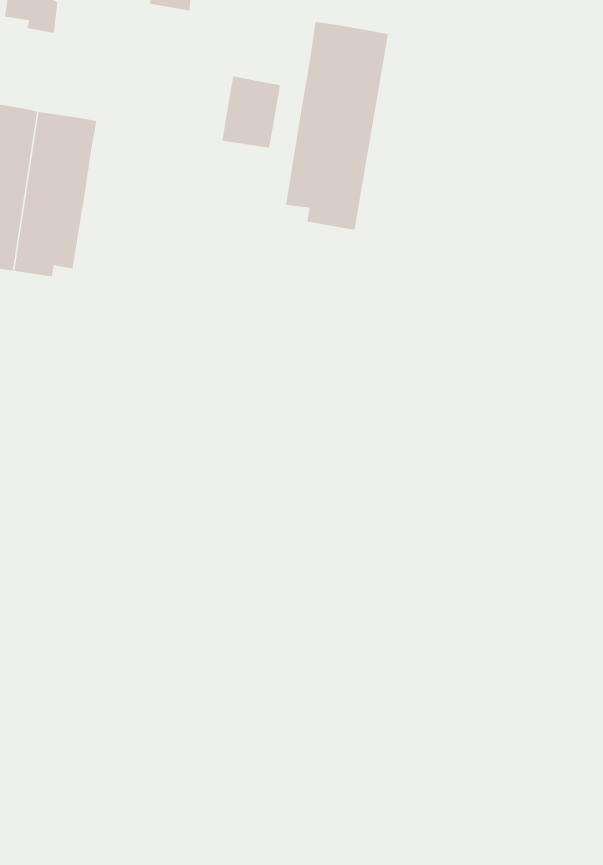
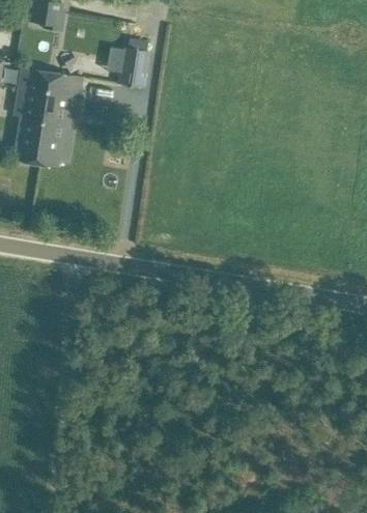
building: [286,21,389,231] -> none
building: [221,76,281,148] -> [117,47,150,87]

